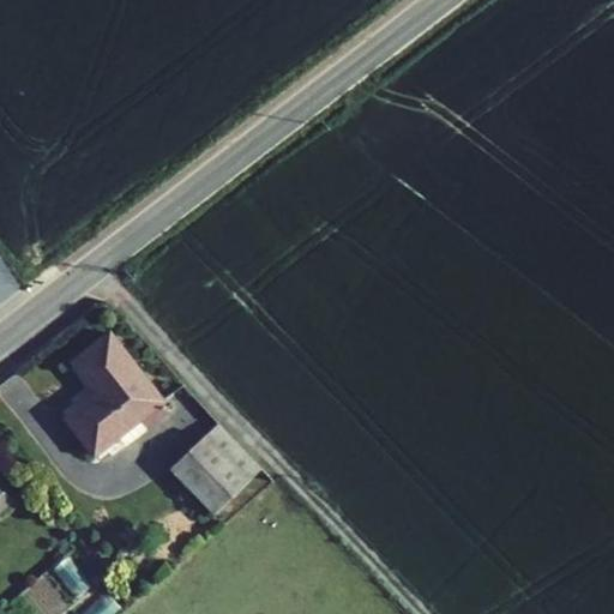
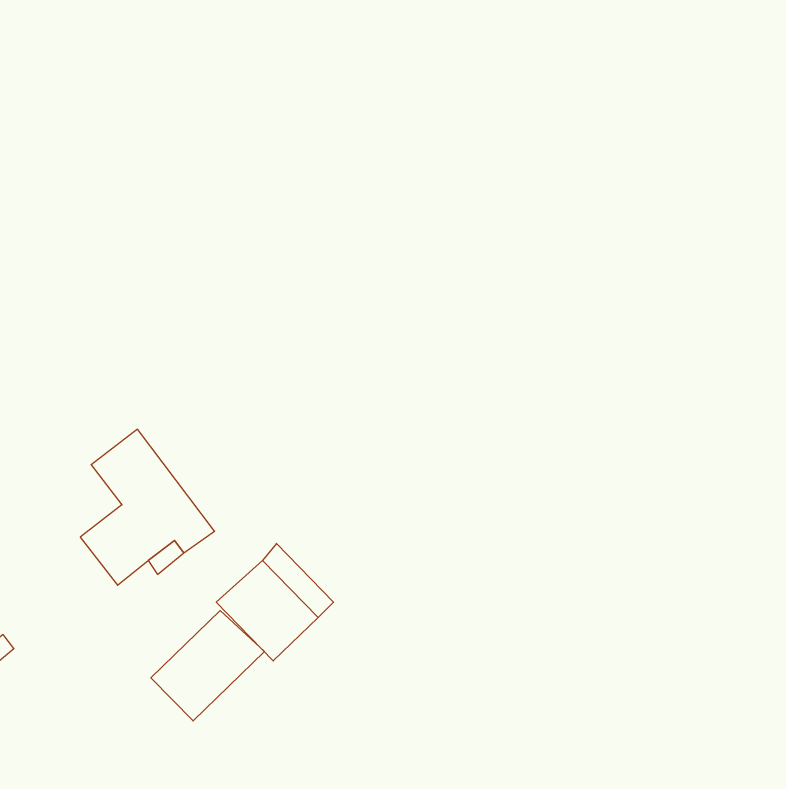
building: none -> [151,611,264,721]

